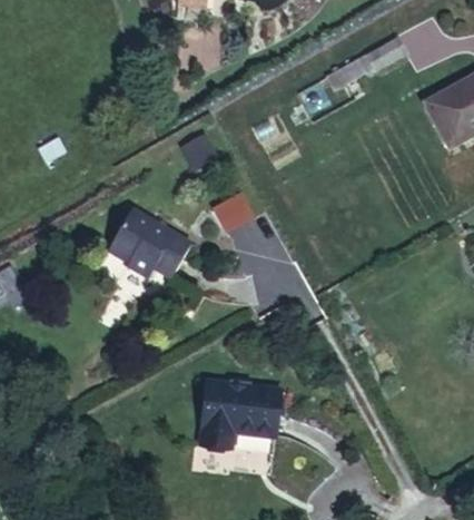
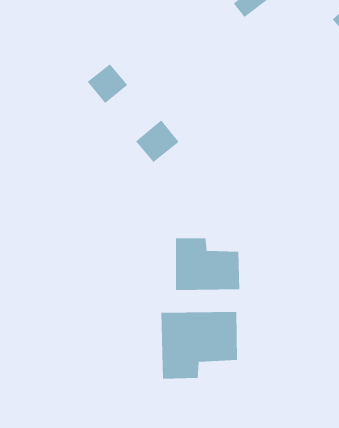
building: [110,202,191,275] -> none
building: none -> [176,237,240,291]

